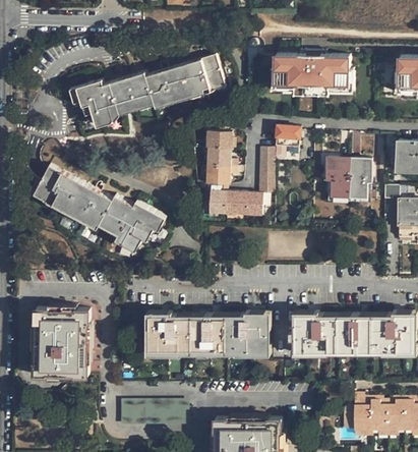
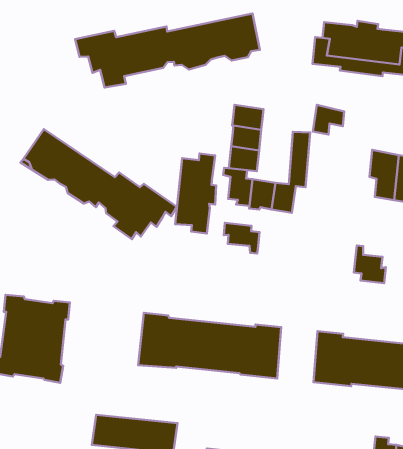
building: none -> [175,153,216,233]
building: none -> [224,223,260,254]
building: none -> [354,245,386,283]

